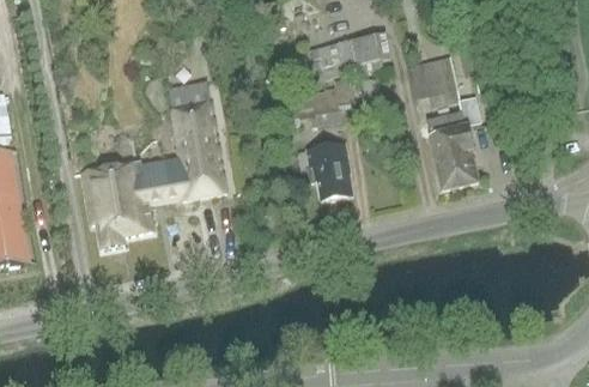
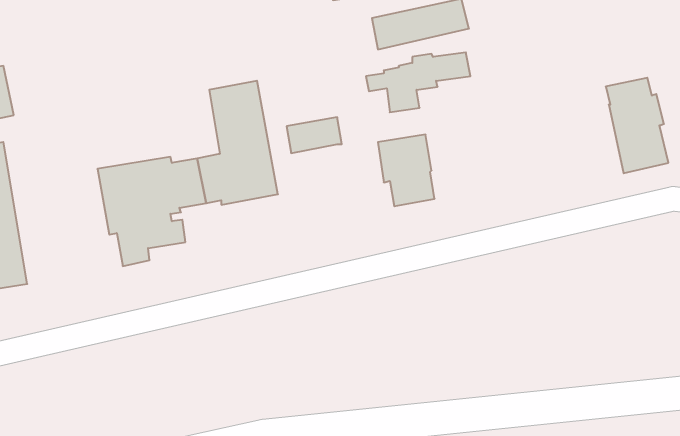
building: [408,56,460,105] -> none
building: [170,78,214,107] -> [287,117,342,153]
building: [427,111,478,188] -> [606,78,668,173]

